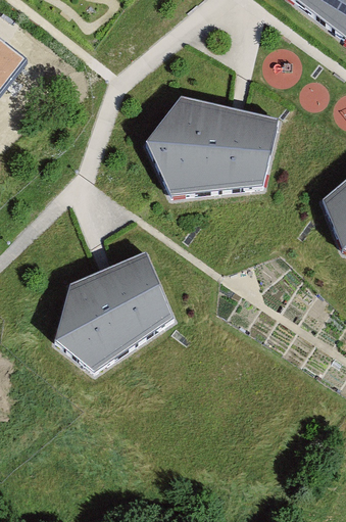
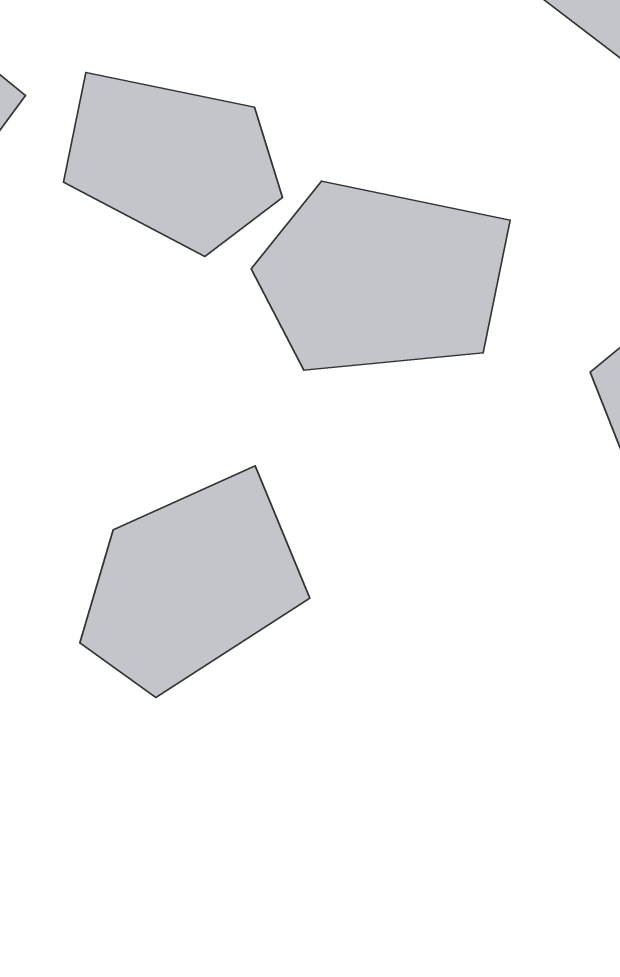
building: none -> [63,73,282,256]

